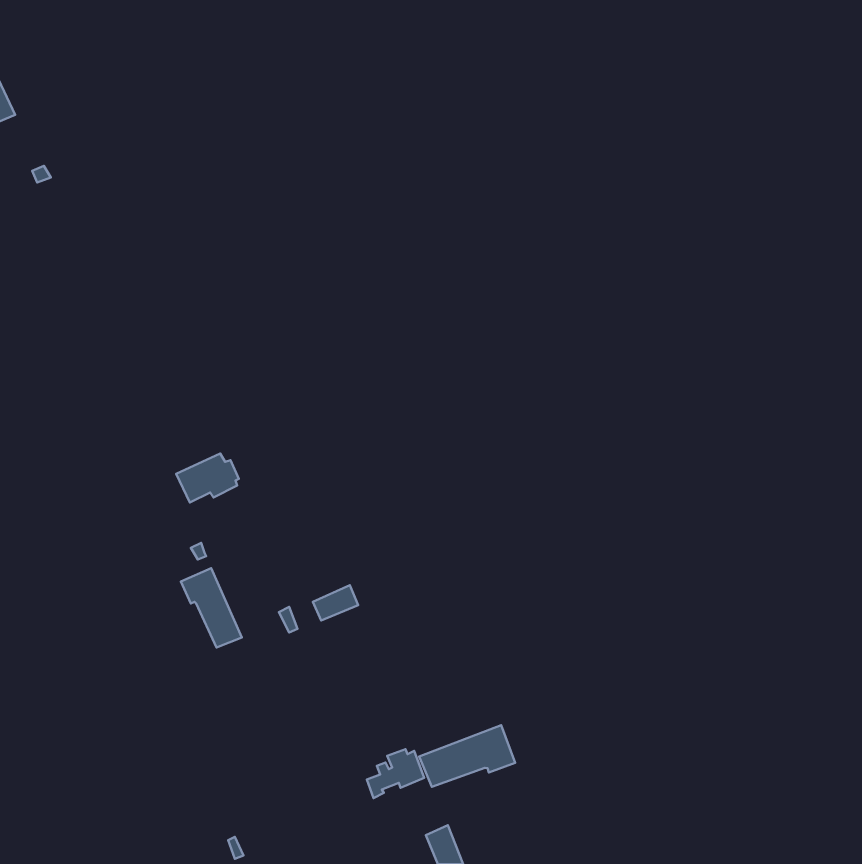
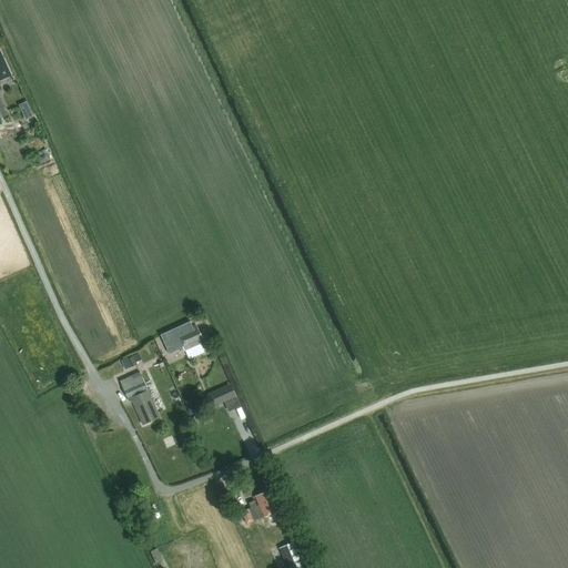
building: [176,454,239,503] -> [160,322,201,354]
building: [419,725,515,787] -> none

